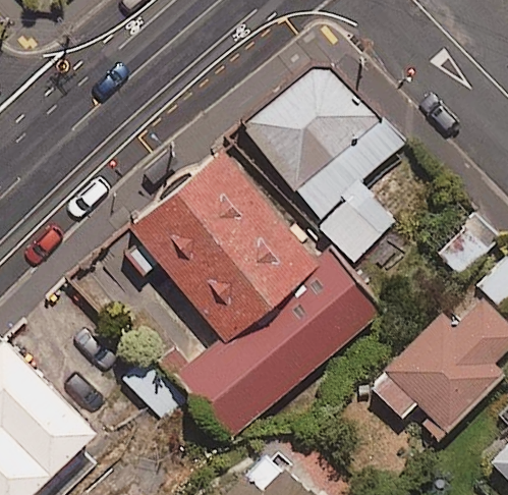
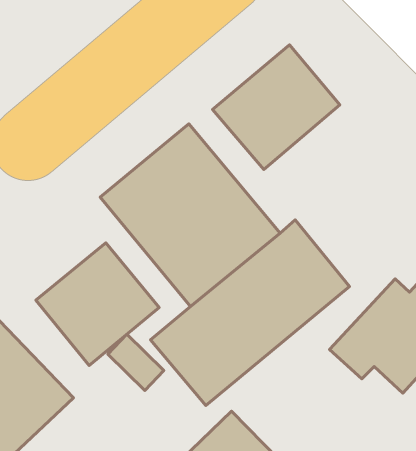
building: [297,120,407,265] -> none
building: none -> [36,243,159,366]

